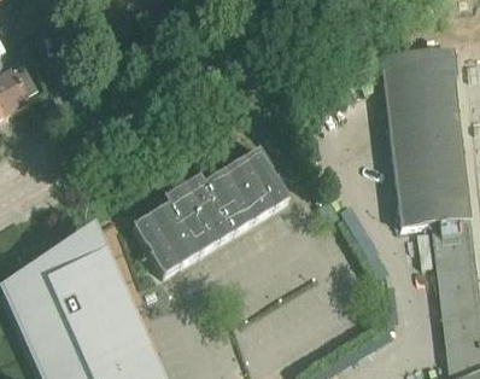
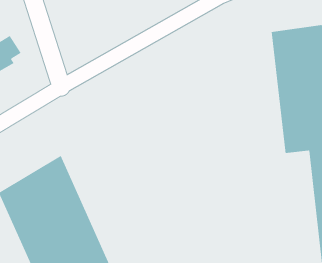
building: [133,148,288,274] -> none

